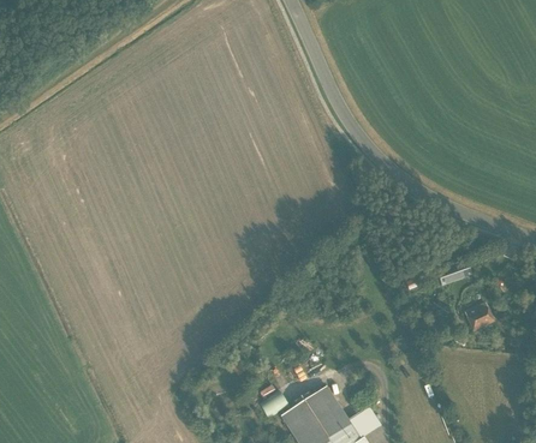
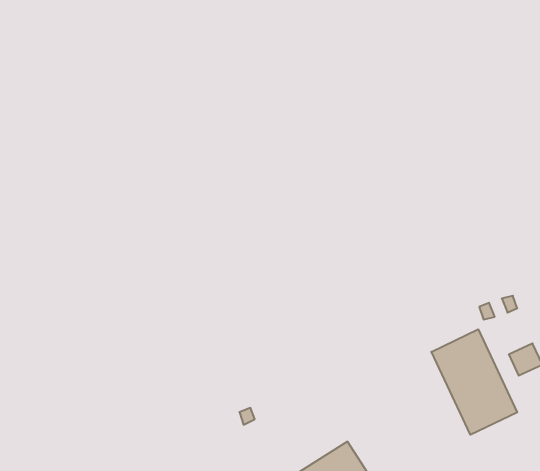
building: none -> [431,329,517,435]

